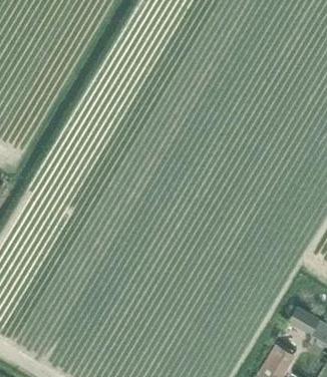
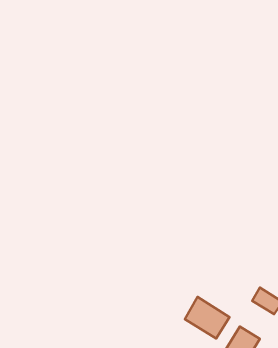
building: none -> [185,297,229,339]

